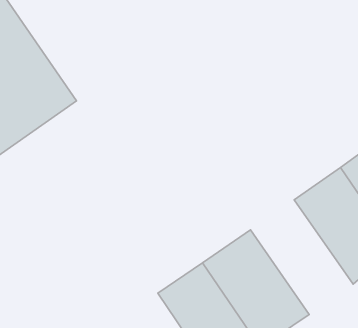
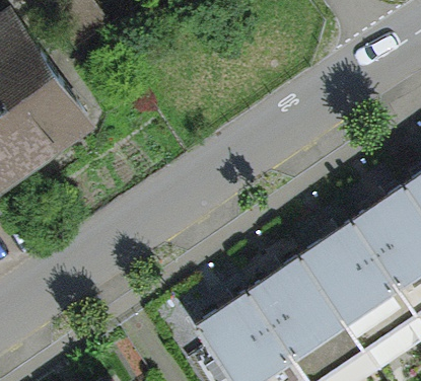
building: none -> [296,232,413,363]

